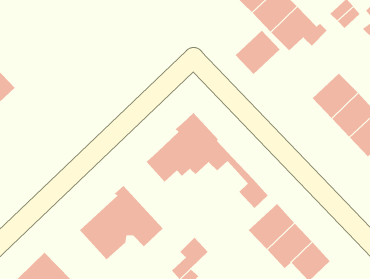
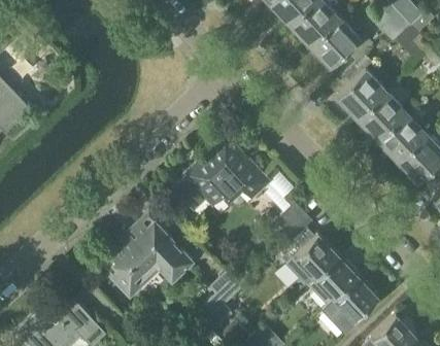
building: [235,30,281,75] -> [335,70,385,119]

